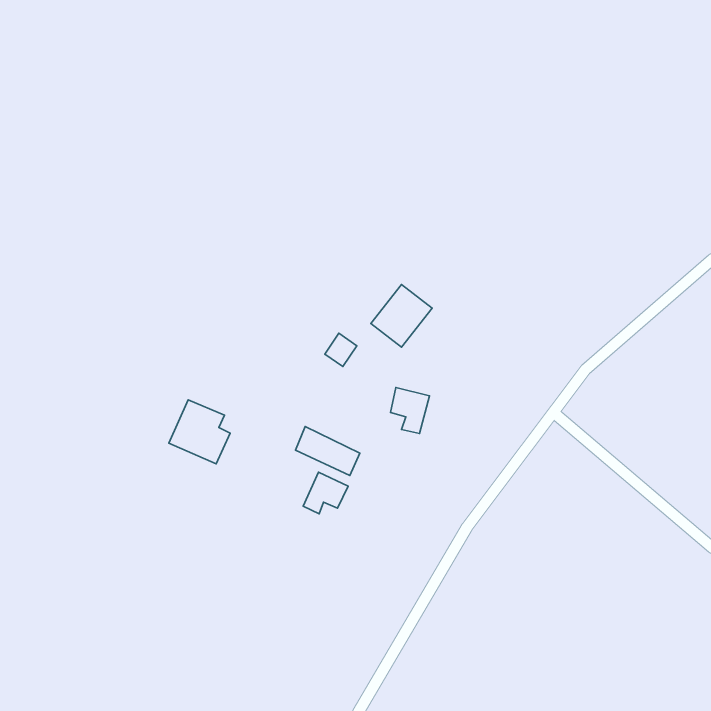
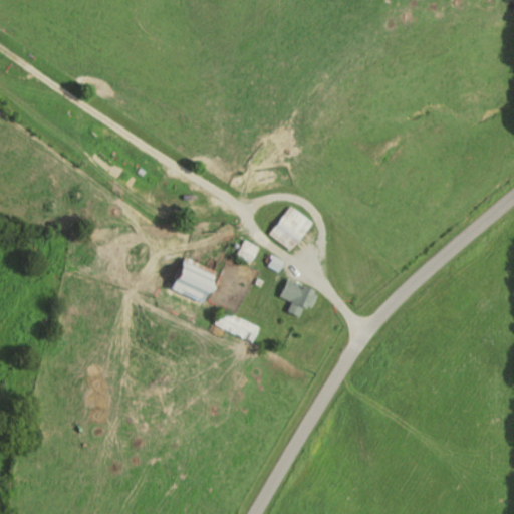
building: [169,400,230,464] -> [171,258,215,304]
building: [303,472,348,514] -> none

